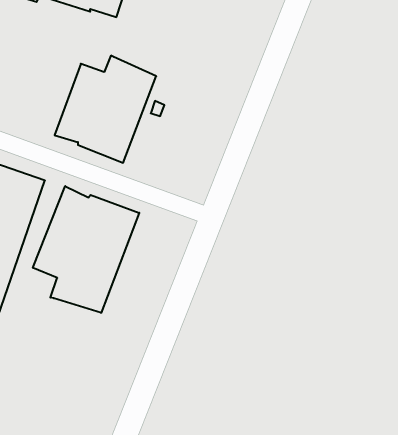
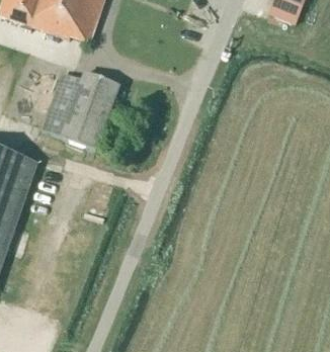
building: [33,186,139,313] -> none

